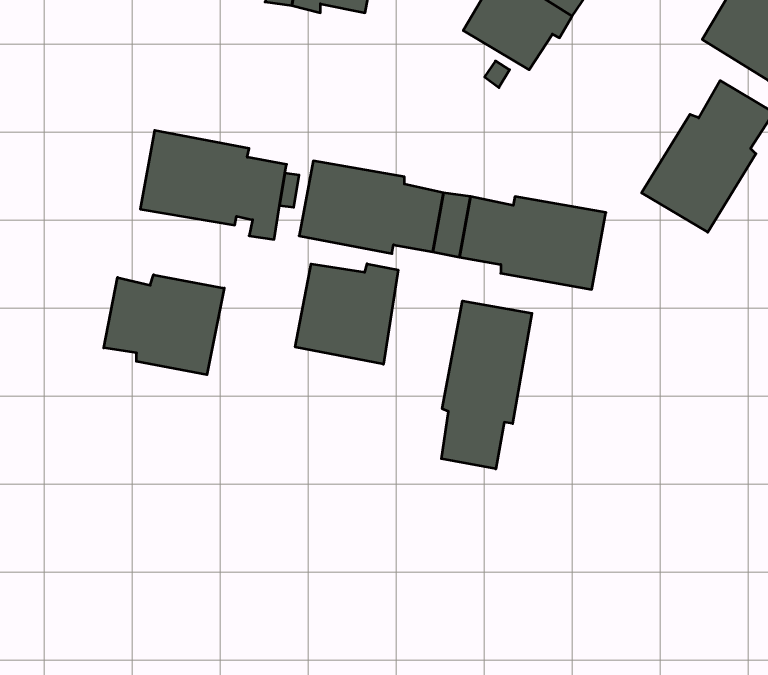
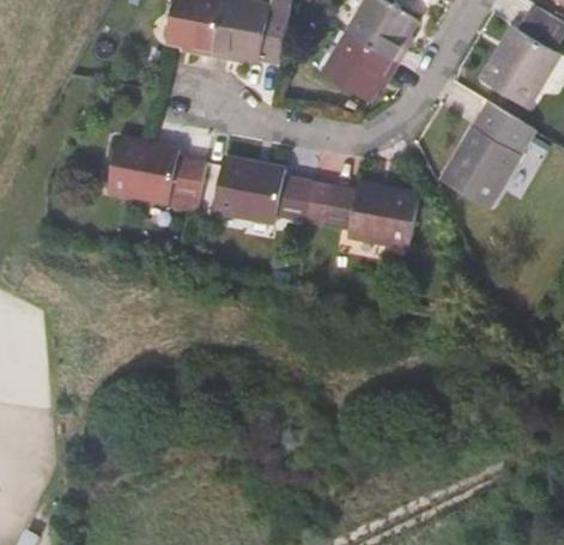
building: [295,264,398,364] -> none
building: [104,275,224,375] -> none
building: [441,301,532,469] -> none

